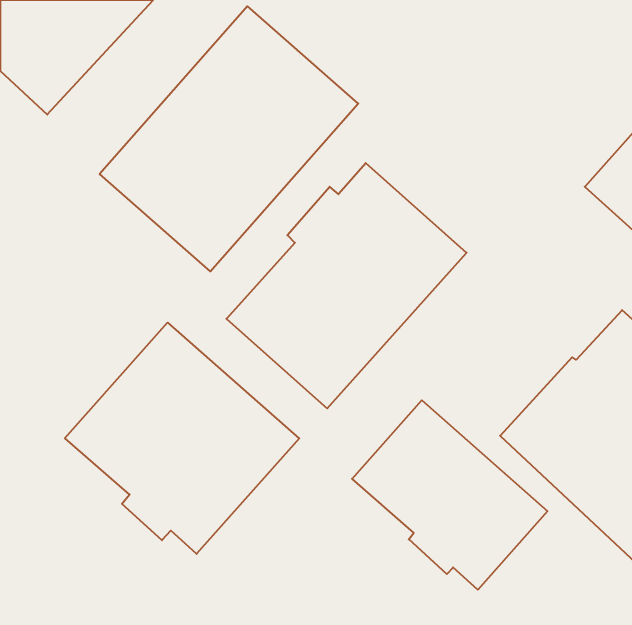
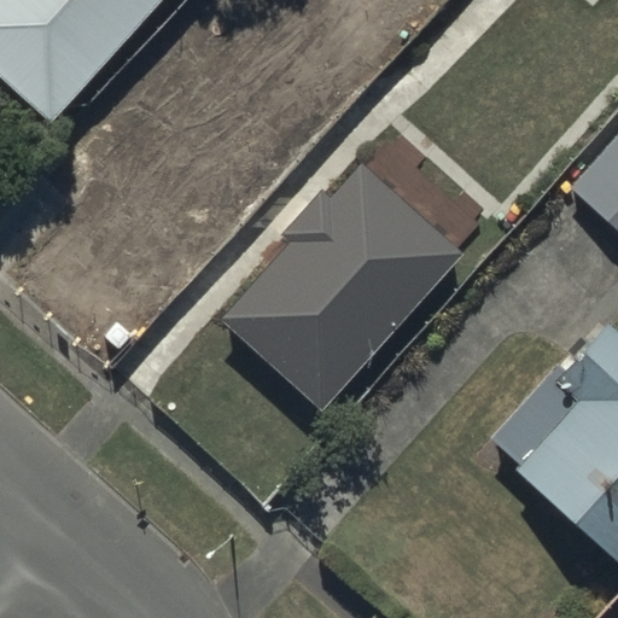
building: [65,323,299,554] -> none
building: [352,400,547,590] -> none

